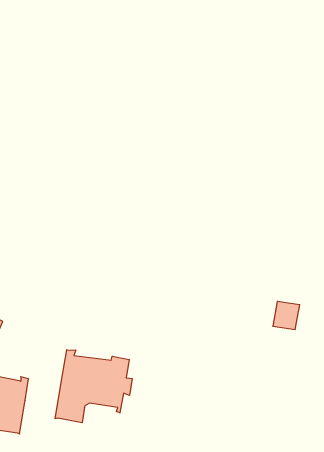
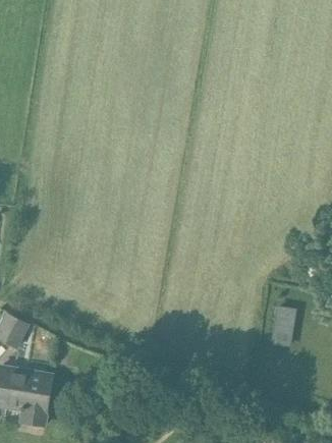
building: [55,350,132,423] -> none

